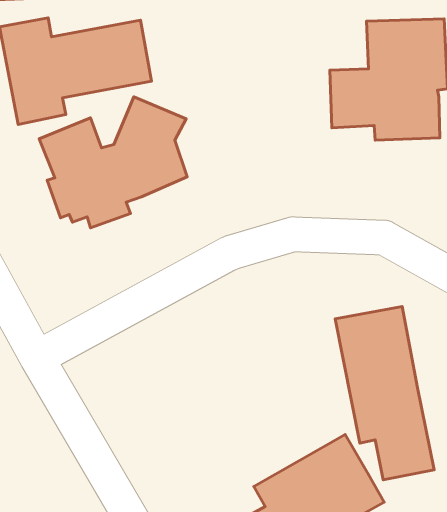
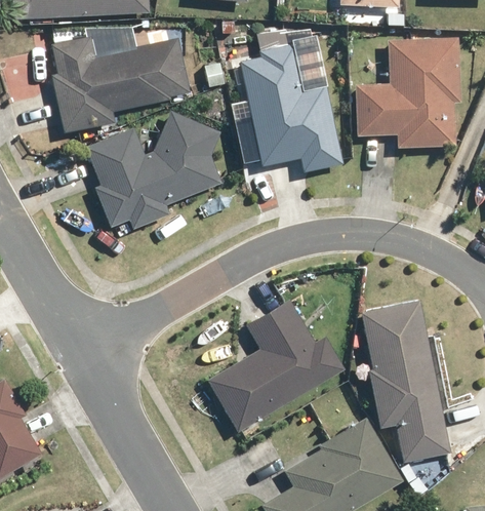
building: none -> [239,40,342,170]
building: none -> [205,298,345,433]

